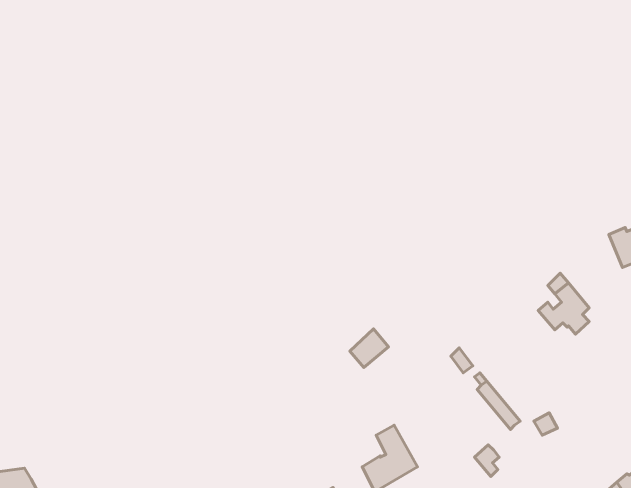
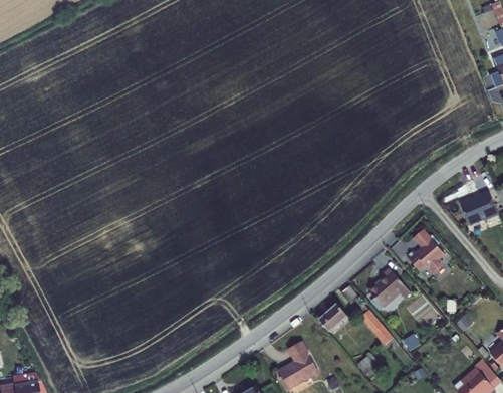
building: none -> [367,269,410,309]
building: [350,329,389,368] -> [319,303,347,331]

